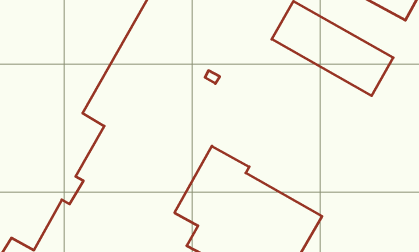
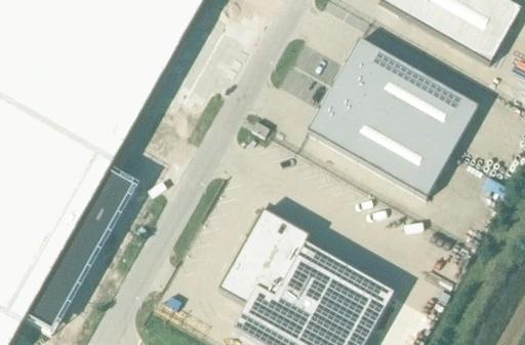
building: none -> [307,80,450,193]

